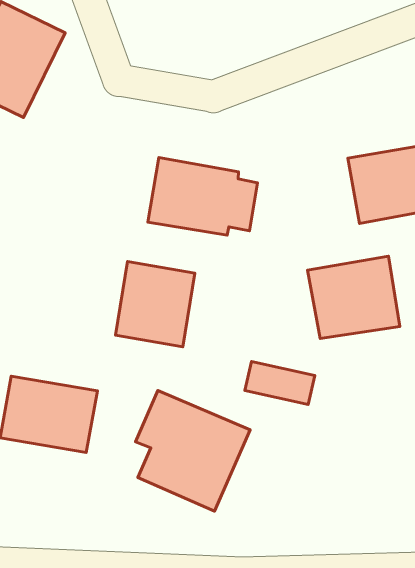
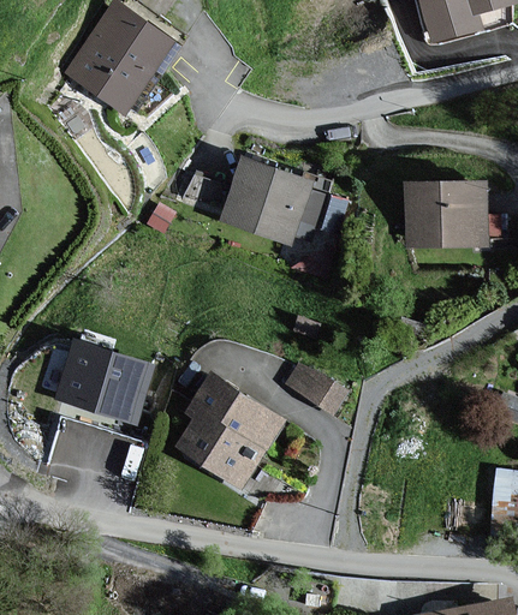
building: [308,256,400,339] -> none
building: [115,262,195,347] -> none

